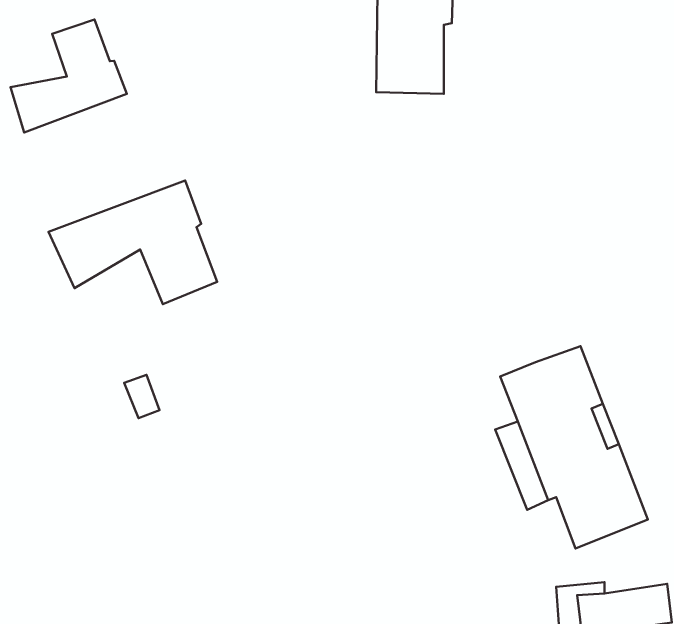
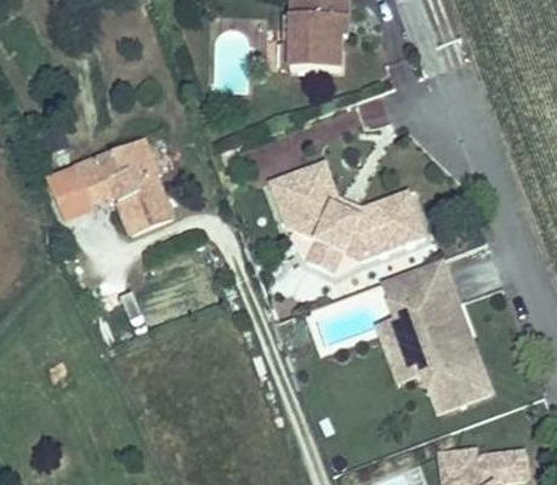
building: [10,20,127,132] -> none
building: none -> [269,166,427,263]

